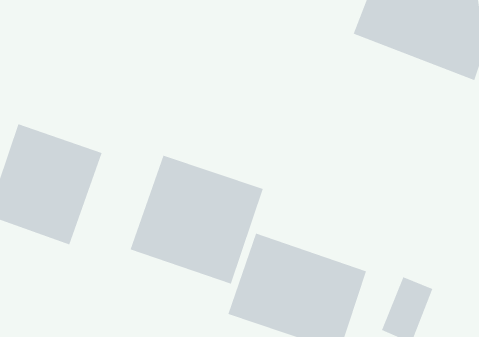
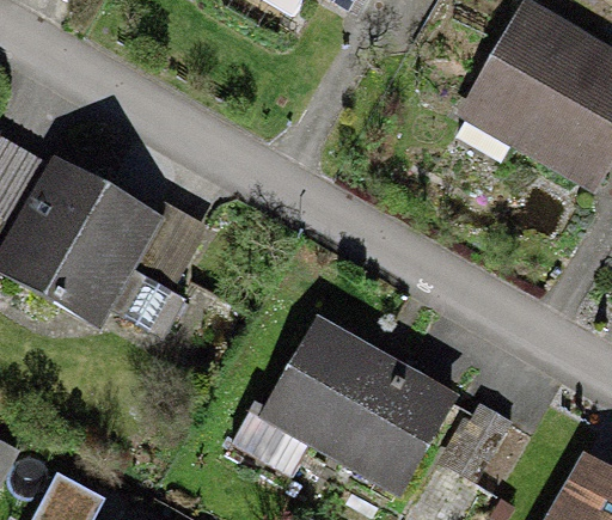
building: [130,155,263,284] -> none

